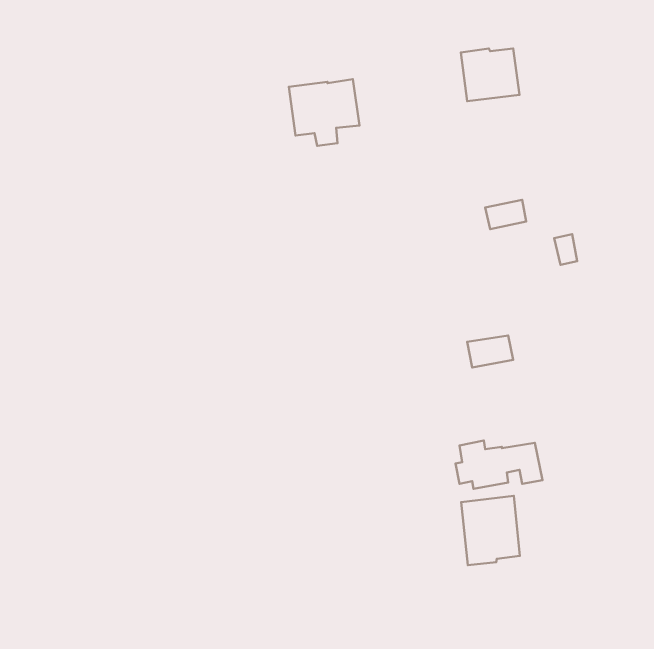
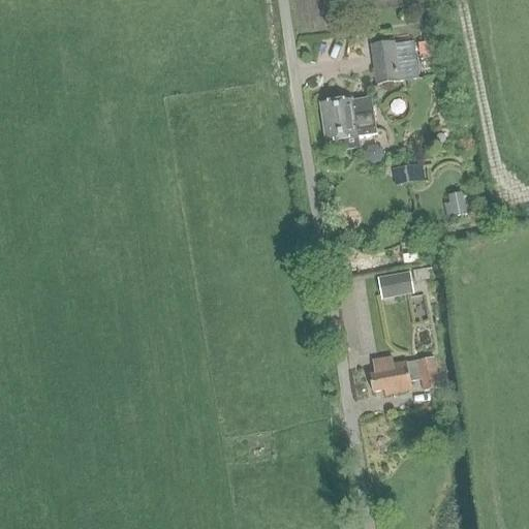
building: [289,79,359,146] -> [320,94,377,148]
building: [461,496,520,565] -> none

